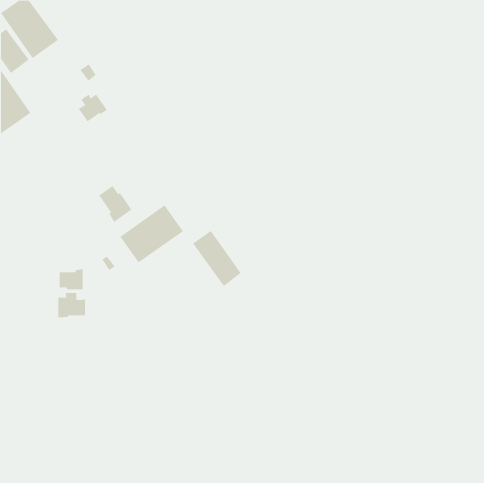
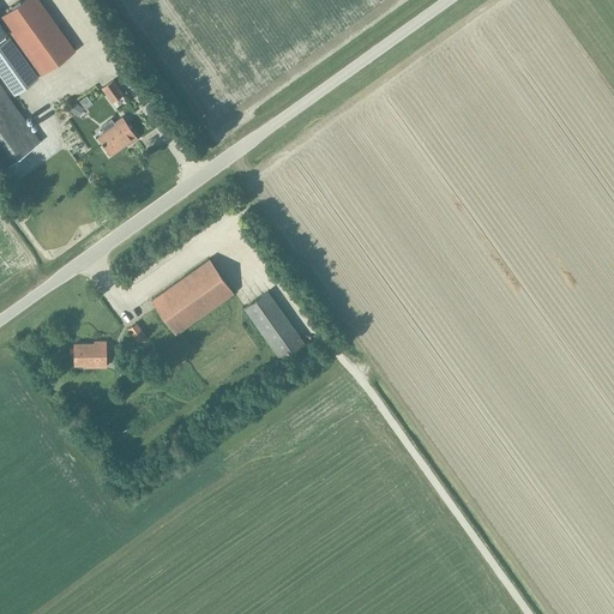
building: [98,185,132,223] -> none
building: [58,292,86,318] -> none

